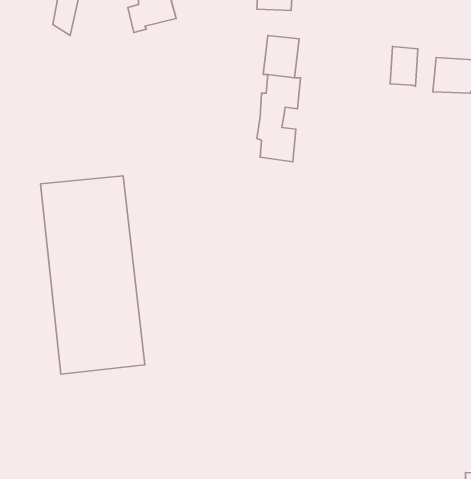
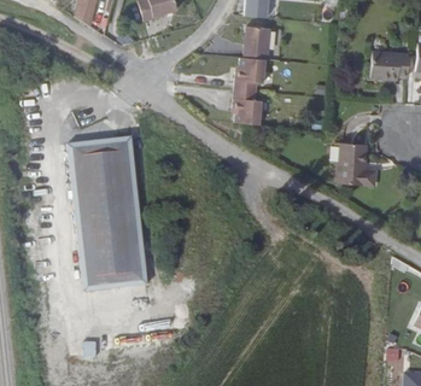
building: [390,46,418,86] -> none
building: none -> [346,142,382,185]

